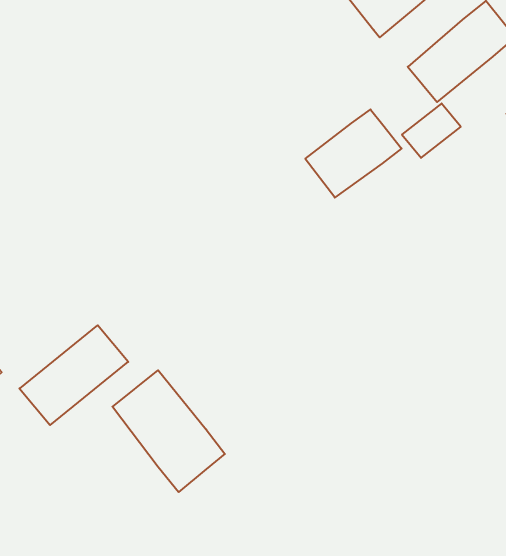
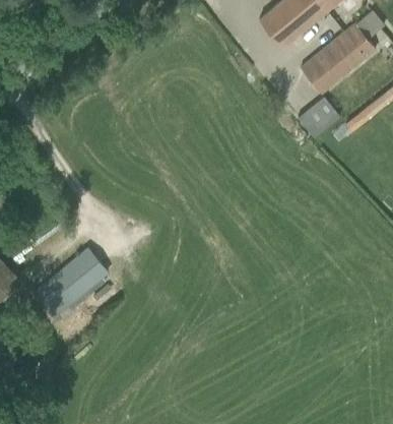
building: [305,109,402,198] -> none
building: [112,370,225,492] -> none

